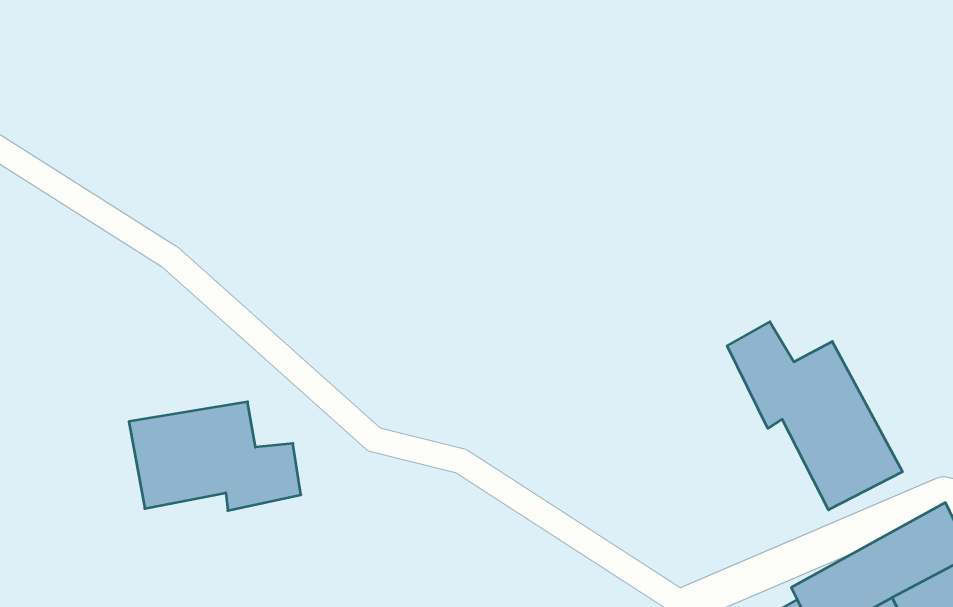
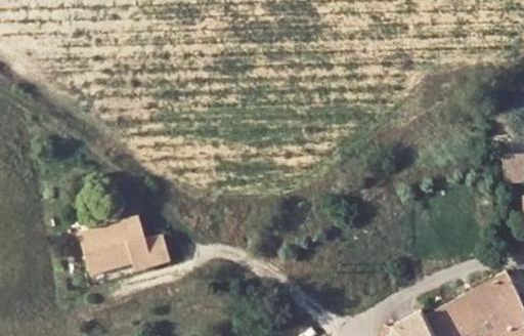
building: [727,322,902,510] -> none

